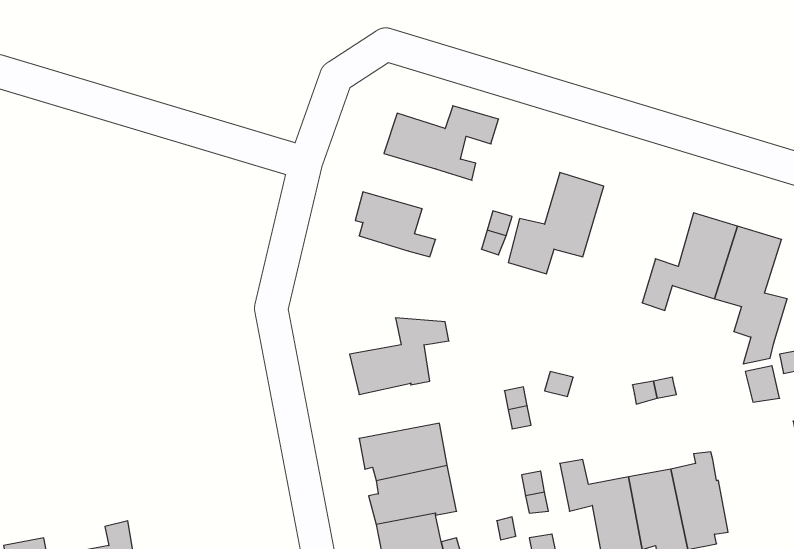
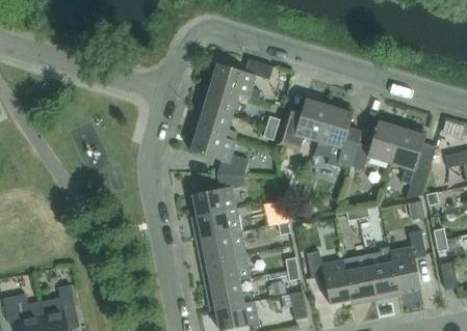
building: none -> [199,85,238,115]
building: none -> [314,103,358,170]
building: none -> [190,130,249,176]
building: none -> [192,209,240,240]
building: none -> [389,230,426,291]

